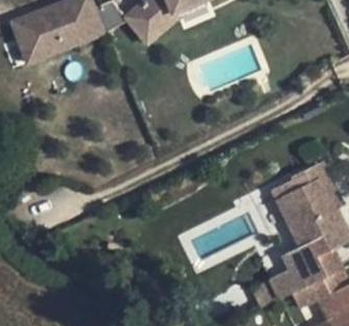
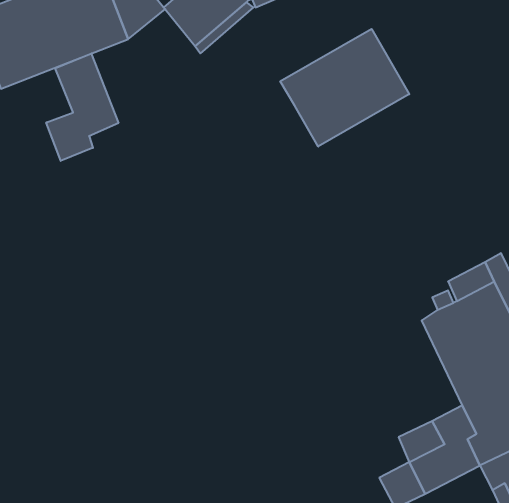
building: none -> [280,29,409,147]
building: none -> [46,53,118,161]

